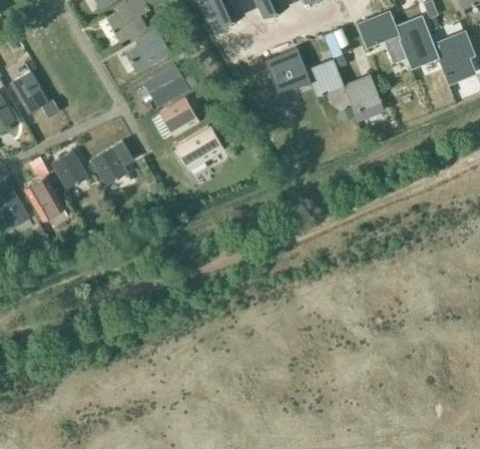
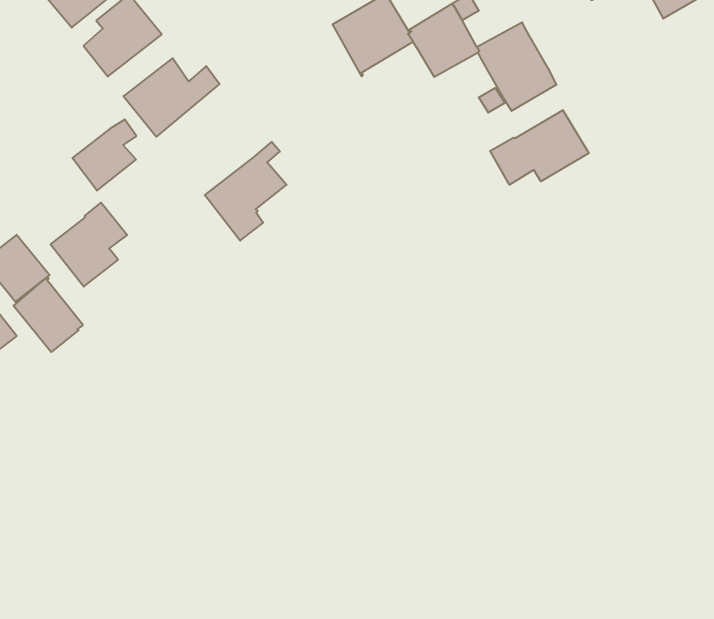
building: [161,96,198,133] -> [72,120,136,191]
building: none -> [490,110,589,185]
building: none -> [13,277,83,352]

